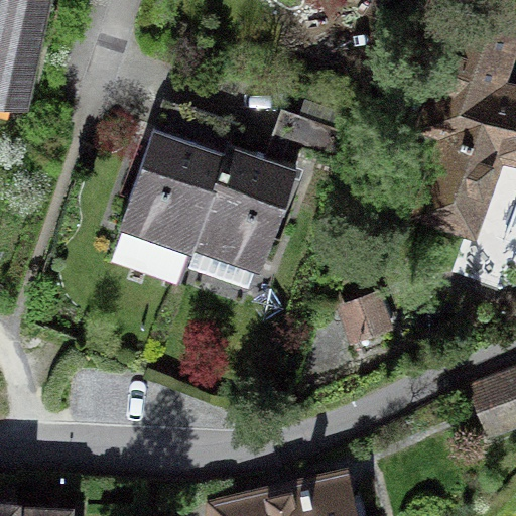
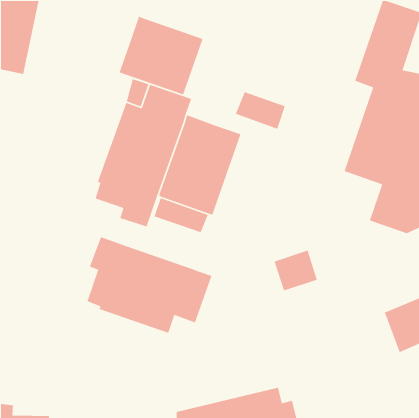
building: none -> [119,16,204,96]
building: none -> [86,236,212,334]

